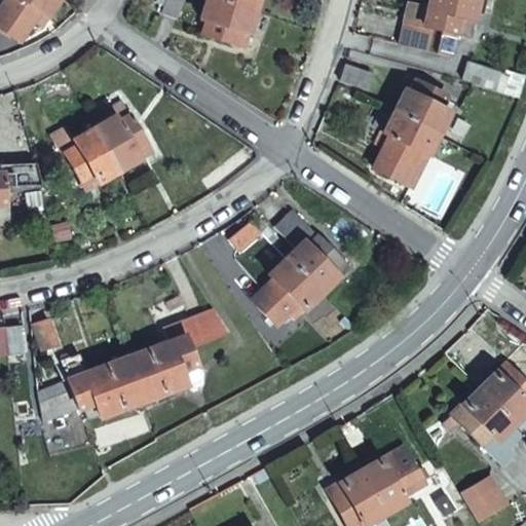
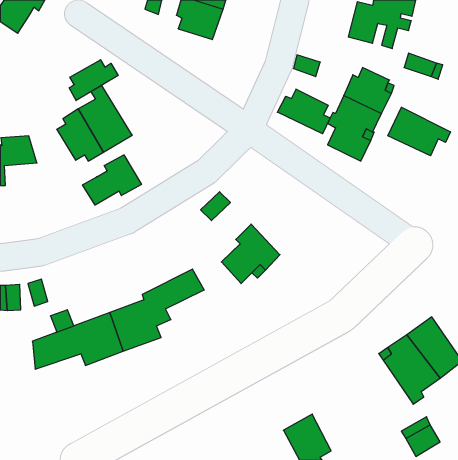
building: none -> [69,60,118,101]
building: none -> [277,89,330,134]
building: none -> [388,107,450,156]
building: none -> [83,155,141,205]
building: [276,211,347,291] -> none
building: [359,448,422,515] -> none

